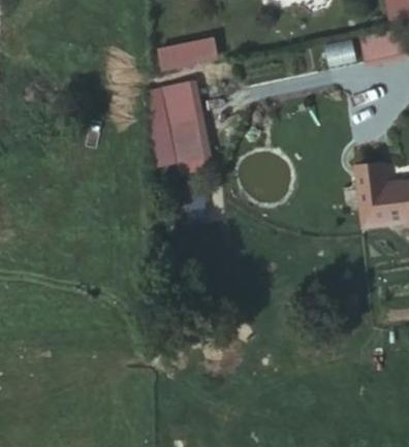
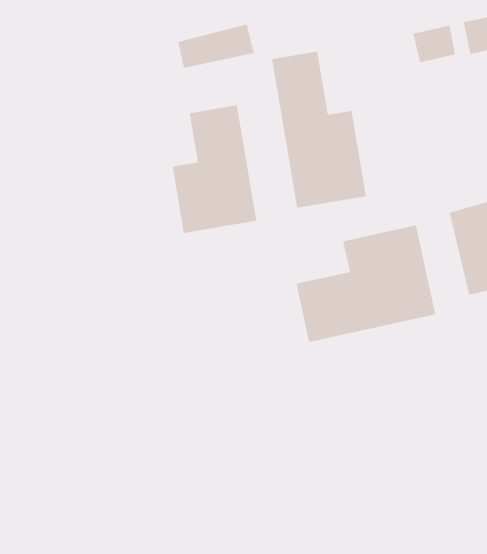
building: none -> [271,51,367,209]
building: none -> [296,224,436,343]

